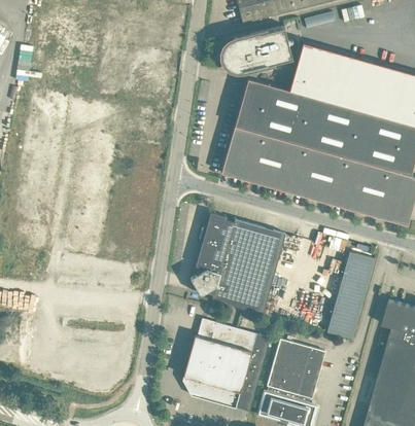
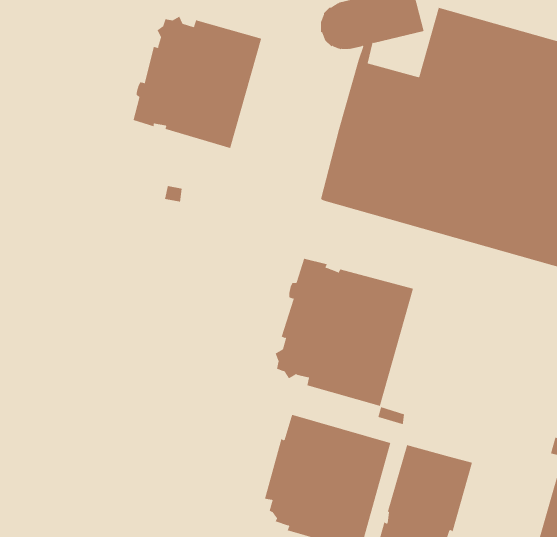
building: none -> [133,16,262,149]
building: [324,256,369,343] -> none

